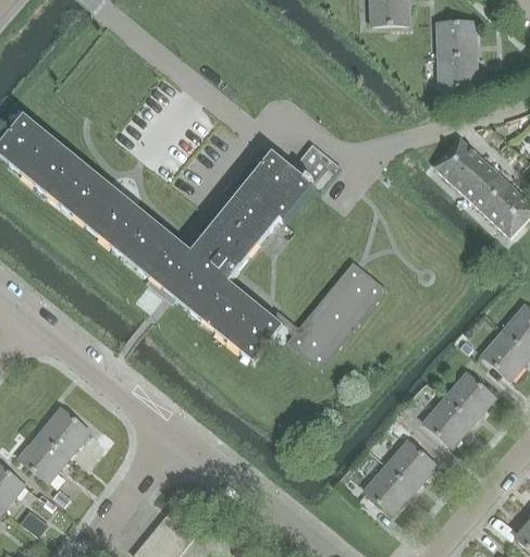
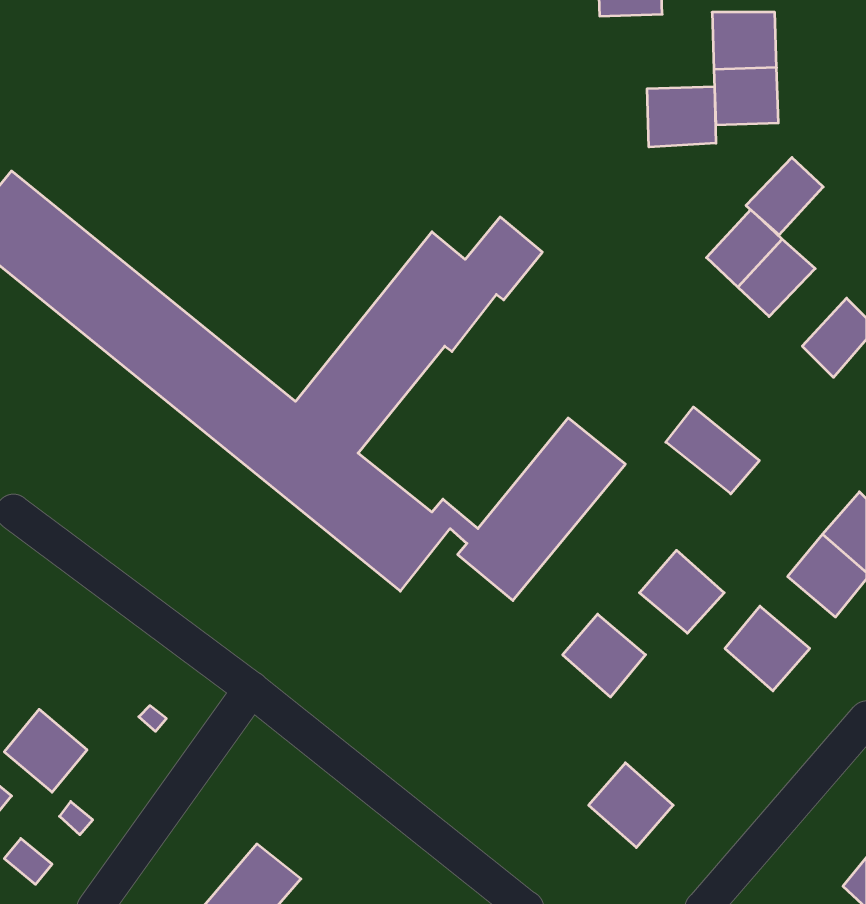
building: none -> [647,87,716,147]
building: [471,172,517,218] -> [746,157,823,235]
building: none -> [666,407,759,494]
building: [423,396,473,445] -> [639,550,724,633]
building: [40,406,89,456] -> none
building: [386,440,435,488] -> [563,614,646,697]

